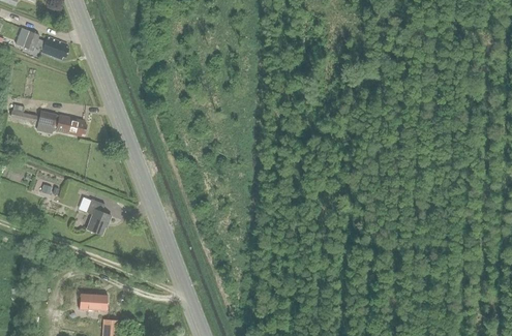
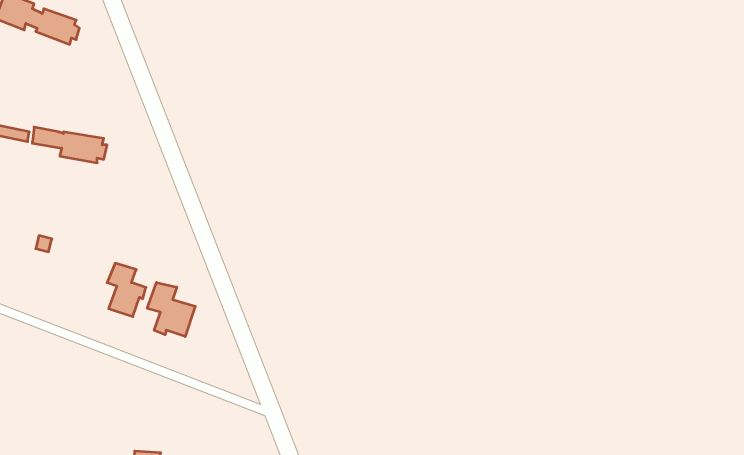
building: none -> [147,282,195,337]
building: [78,292,106,309] -> none

